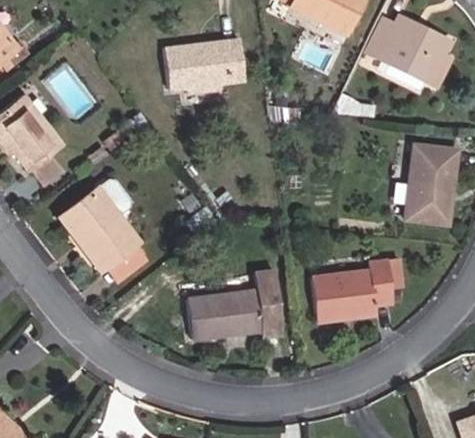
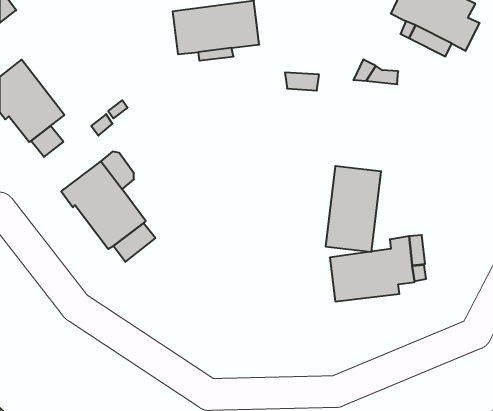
building: [405,143,457,223] -> [326,166,381,252]
building: [186,269,282,338] -> none

